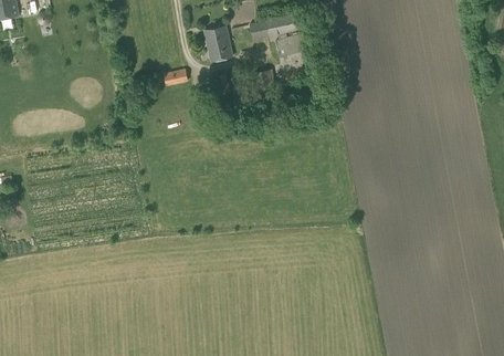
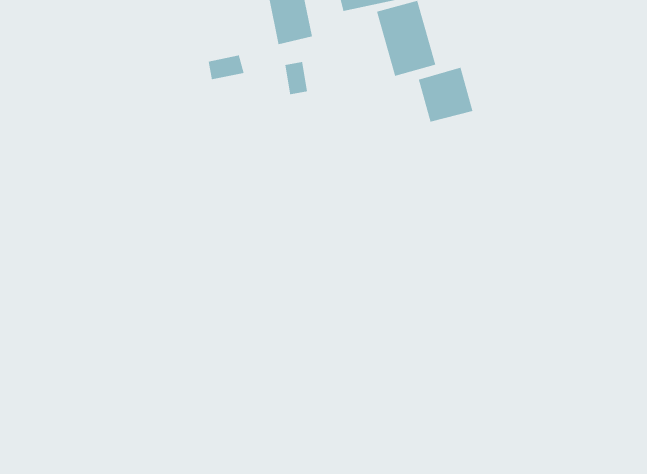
building: none -> [418,67,473,123]

